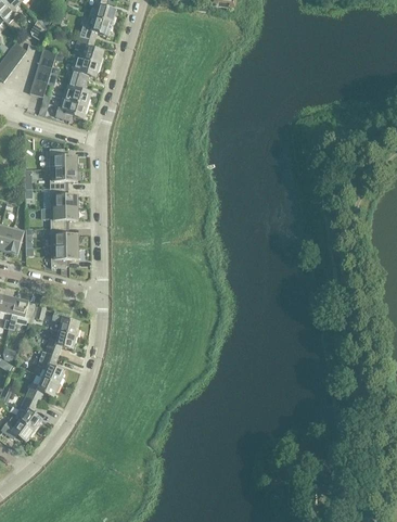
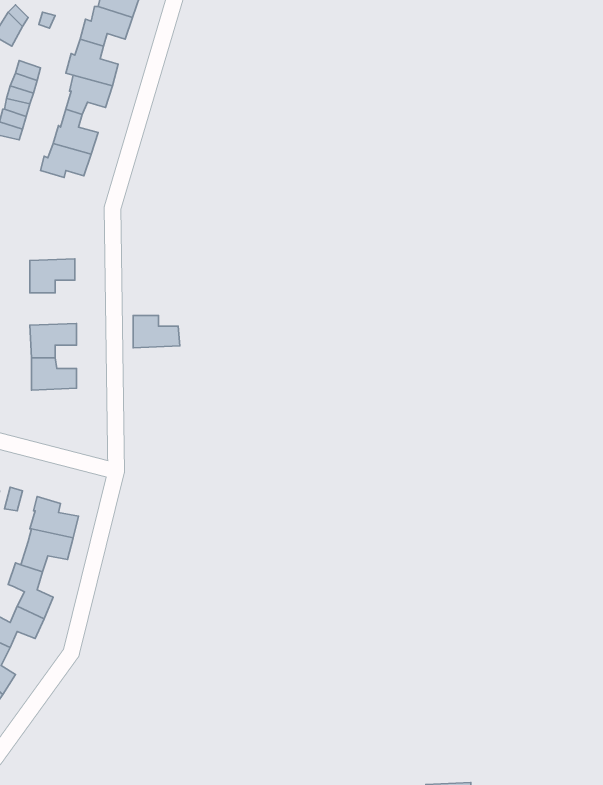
building: [49,149,76,169] -> none
building: [49,189,77,208] -> [133,315,180,348]
building: [50,246,77,268] -> none

